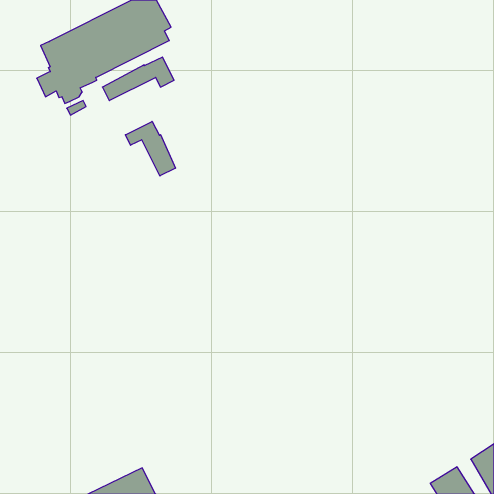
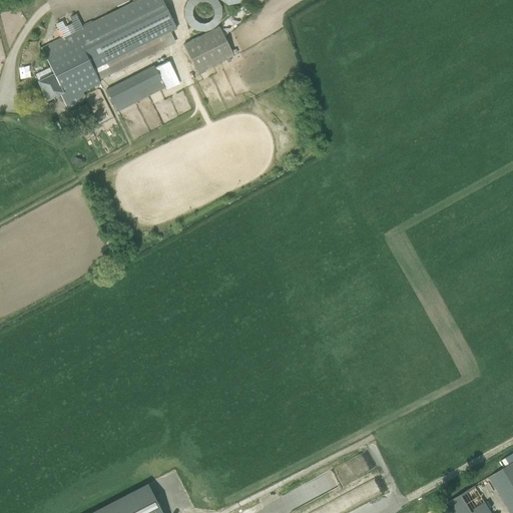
building: none -> [182,26,234,75]
building: [125,121,175,176] -> none

